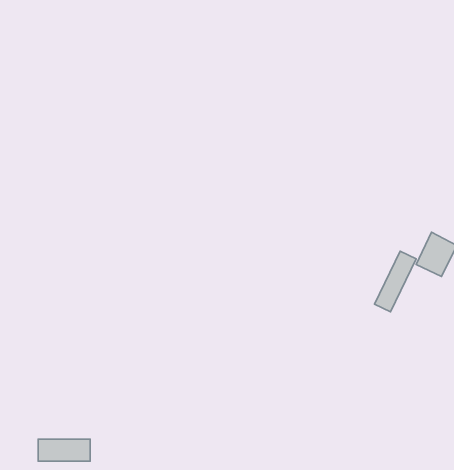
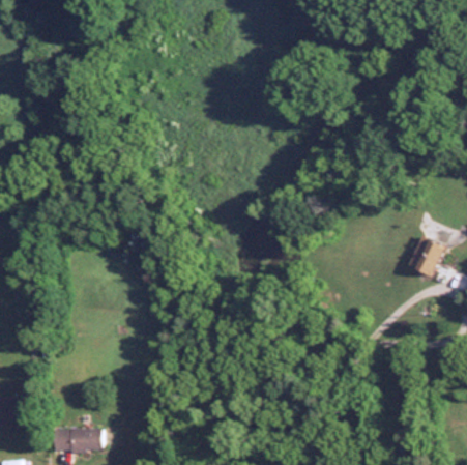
building: [375,251,416,312] -> none

